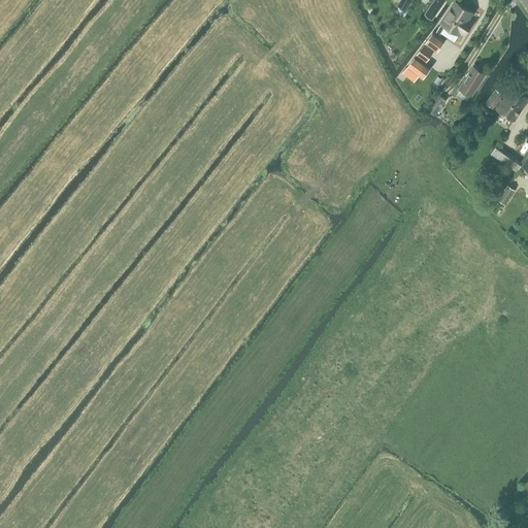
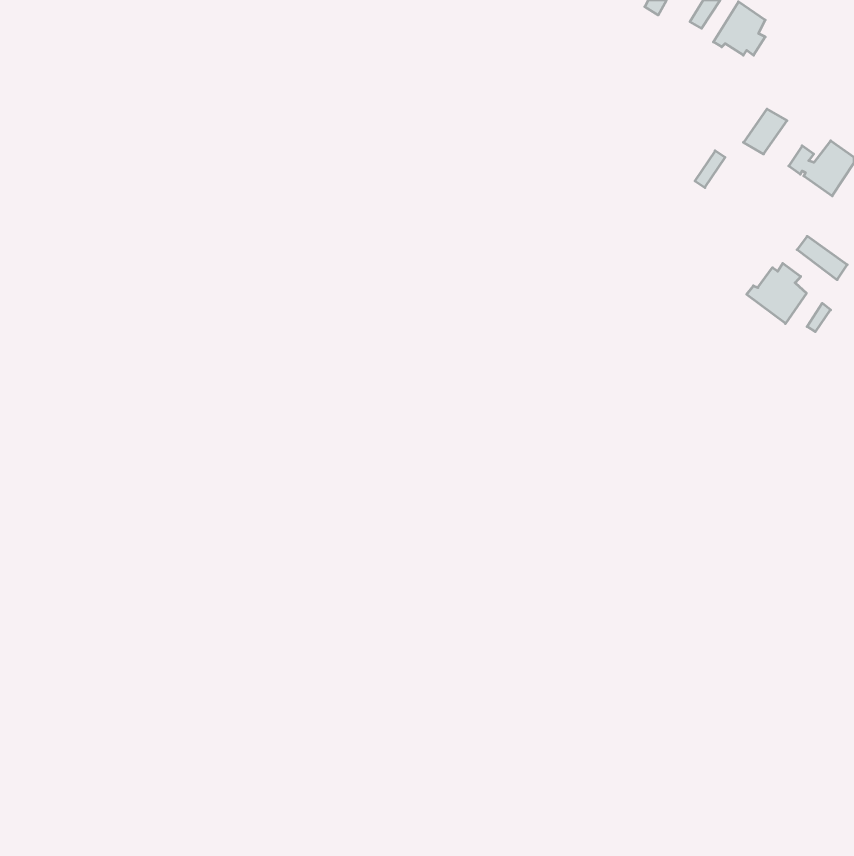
building: [406,31,446,79] -> none
building: none -> [747,263,806,324]

